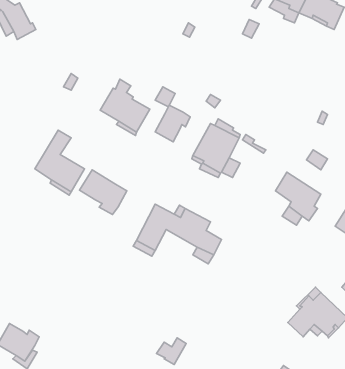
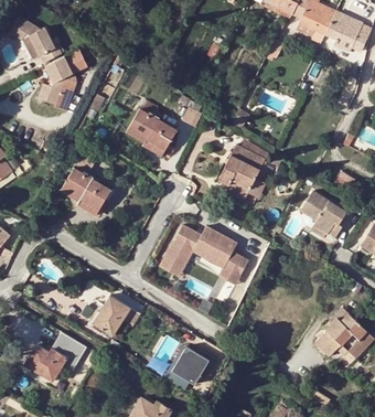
building: none -> [39,47,85,108]
building: [155,105,190,142] -> none
building: [79,170,127,215] -> none
building: none -> [93,296,139,333]
building: none -> [49,330,83,370]

